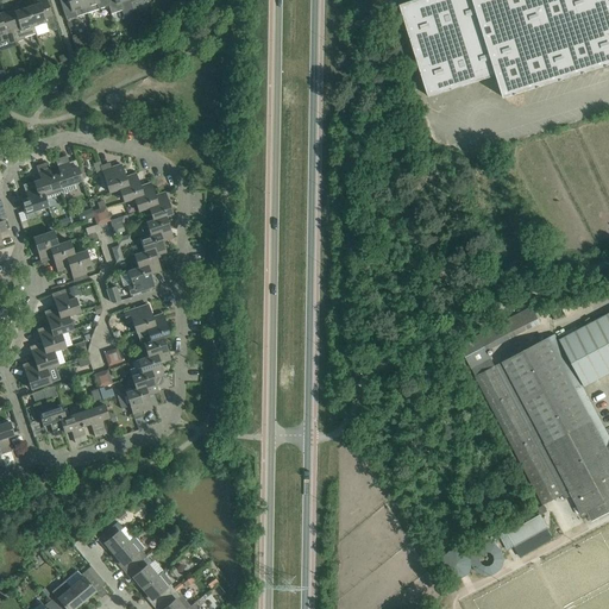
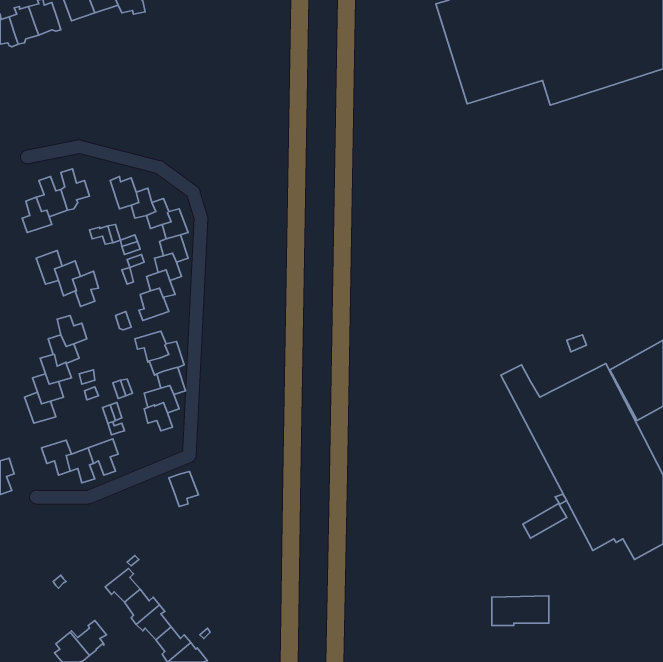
building: [125,385,152,417] -> [169,471,199,506]
building: [507,504,547,545] -> [523,494,567,538]

